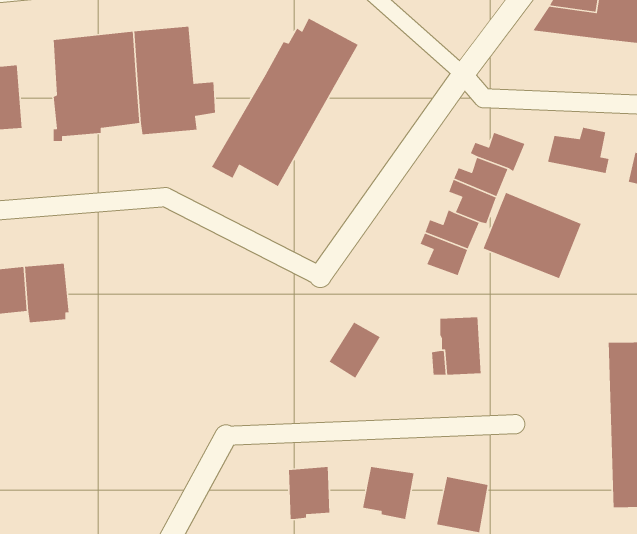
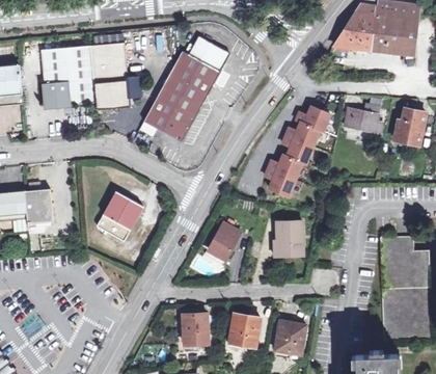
building: [483,192,582,279] -> none
building: none -> [92,194,138,240]

